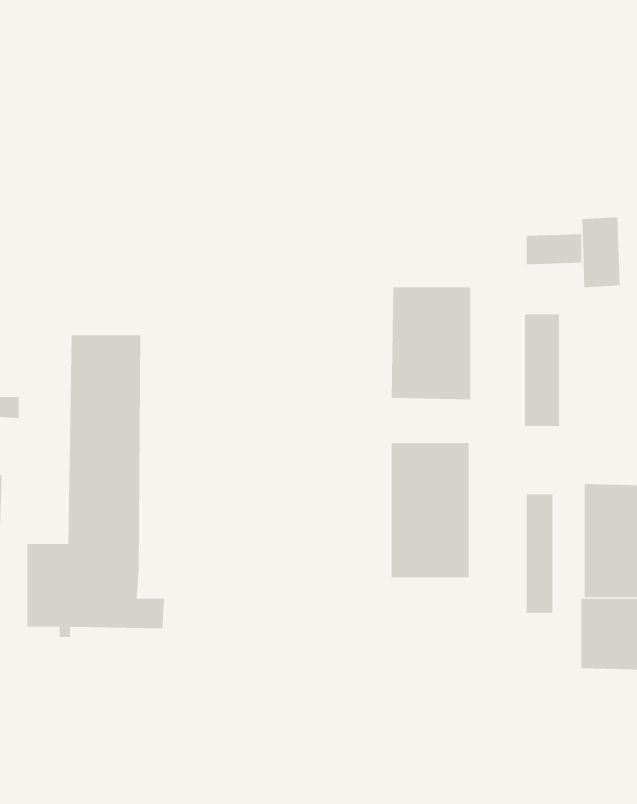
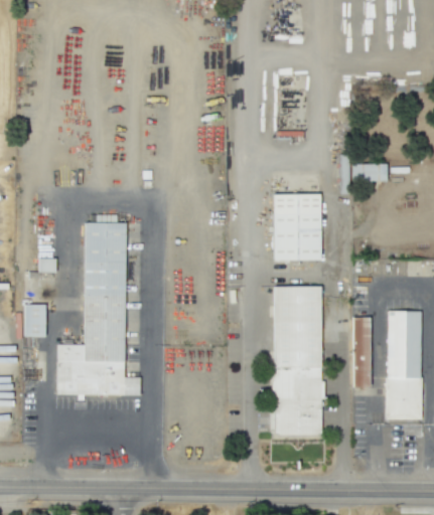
building: [582,216,620,288] -> none
building: [524,314,560,427] -> none
building: none -> [271,365,324,434]

